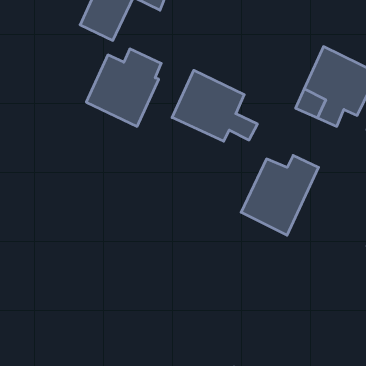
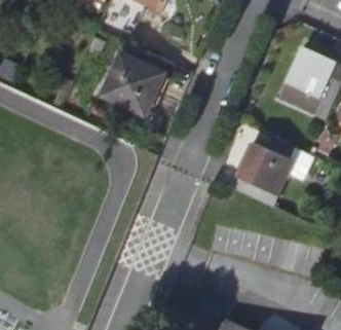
building: [172,70,257,141] -> none

